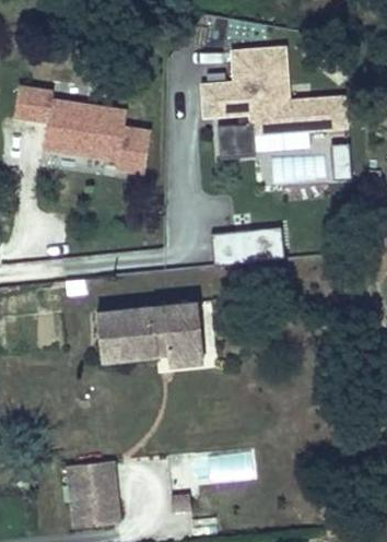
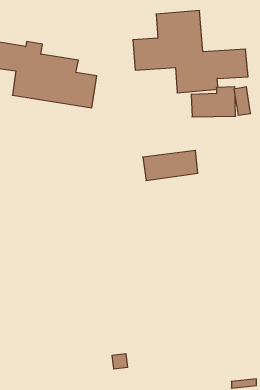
building: [215,123,256,161] -> none
building: [97,303,204,364] -> none
building: [64,460,124,529] -> none

